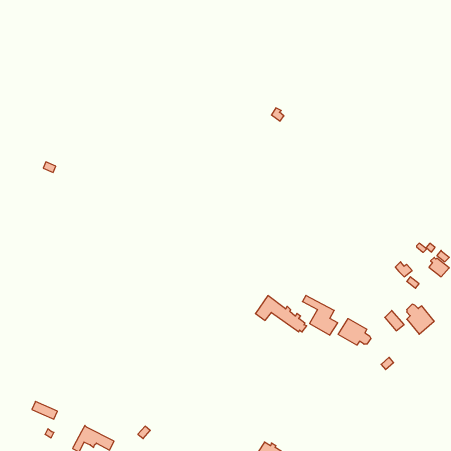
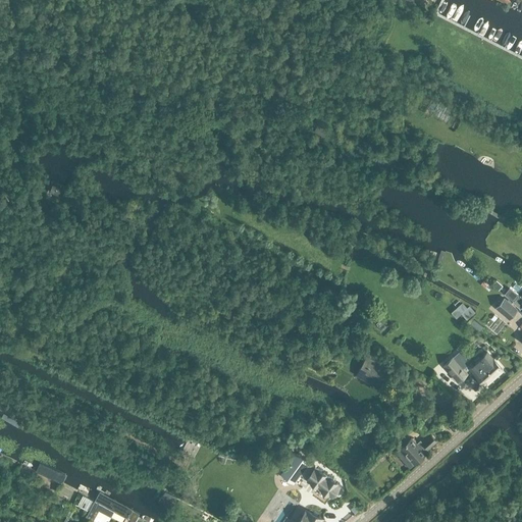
building: [255,296,307,332] -> [281,455,341,497]
building: [338,319,371,345] -> none
building: none -> [399,436,435,465]

